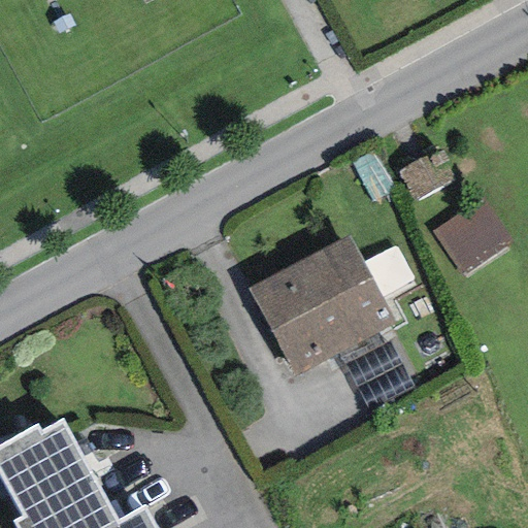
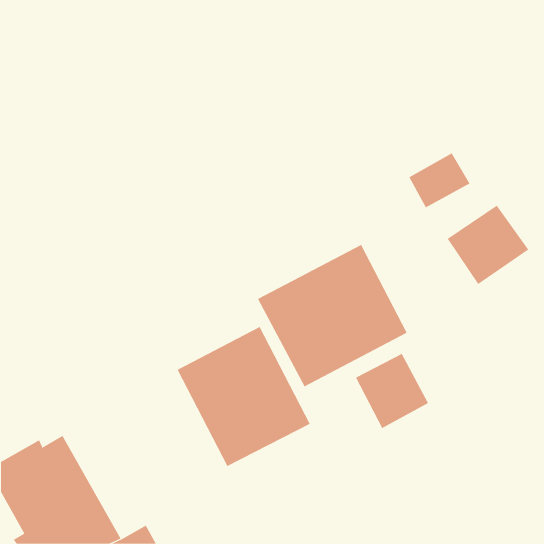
building: none -> [177,326,311,467]

